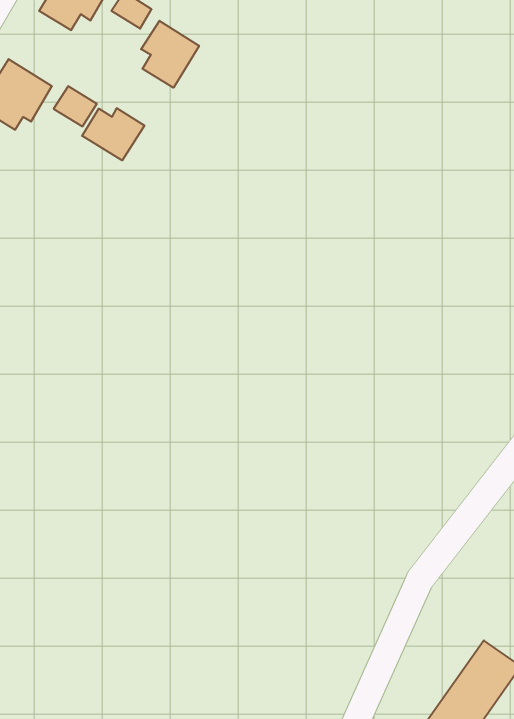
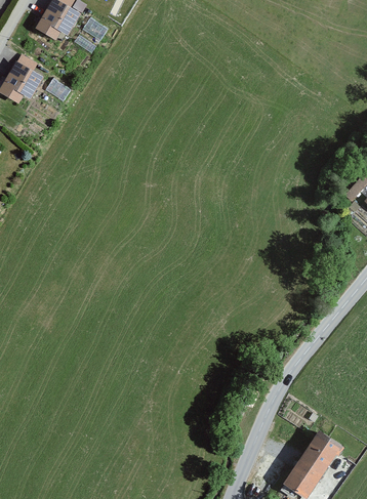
building: [141,21,199,88] -> none
building: [82,108,144,160] -> none

